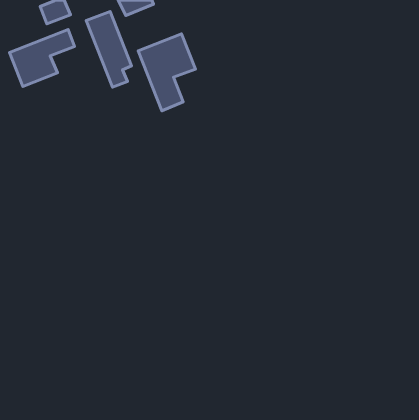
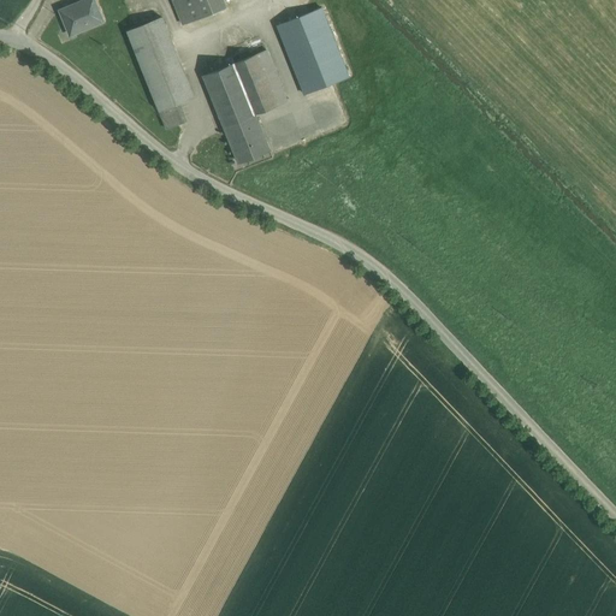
building: none -> [276,7,346,94]
building: [10,29,74,86] -> none

